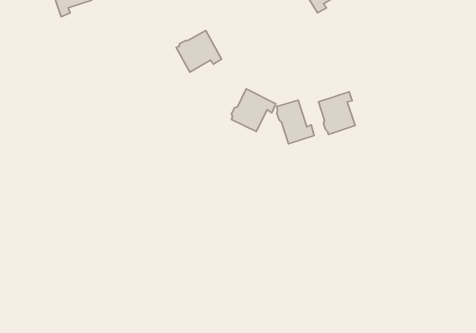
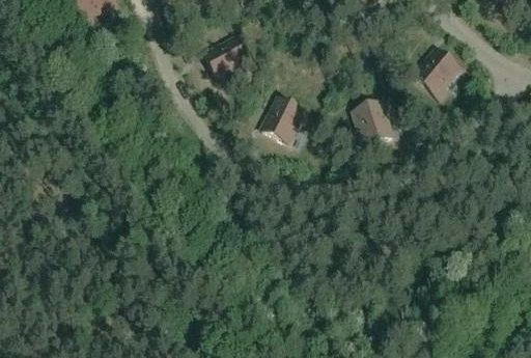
building: none -> [415,47,460,97]
building: [277,100,314,144] -> none

